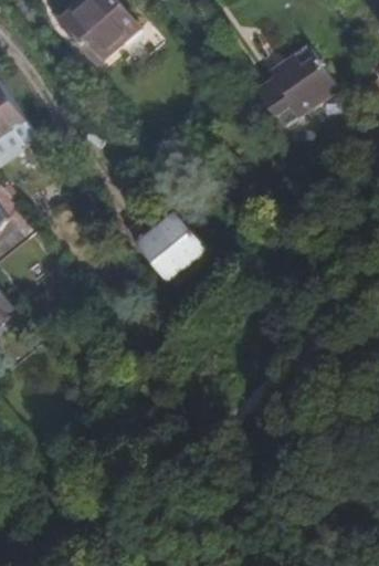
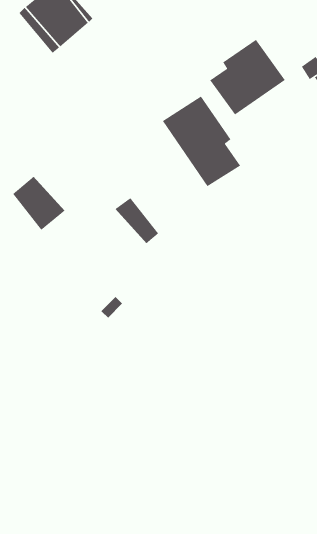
building: none -> [162,95,241,187]
building: [136,223,191,281] -> [12,176,66,231]

